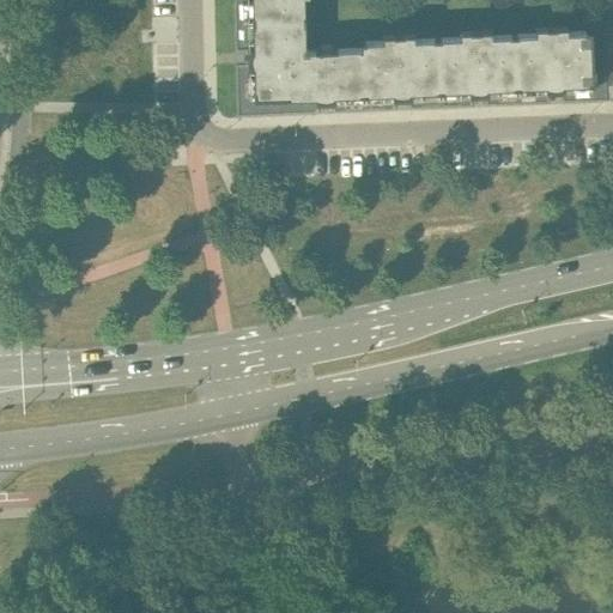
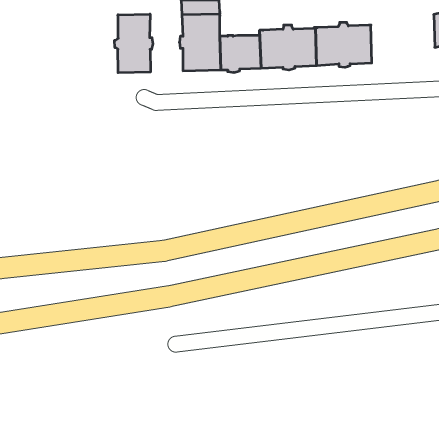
building: none -> [115,14,153,73]
building: [517,30,597,92] -> none

